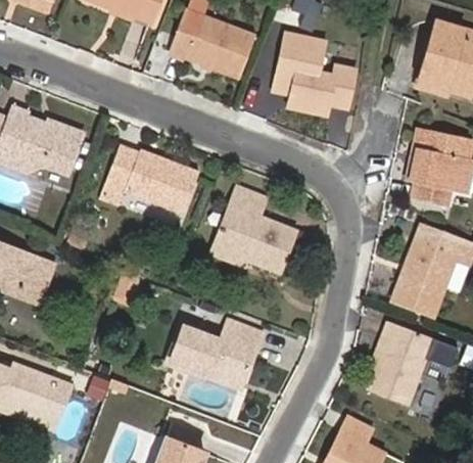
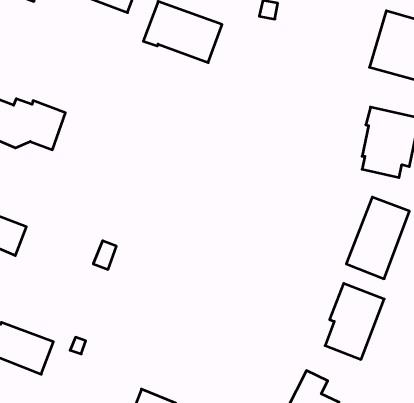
building: [276,33,356,114] -> none
building: [102,144,196,212] -> none
building: [212,188,295,272] -> none
building: [169,320,262,381] -> none

